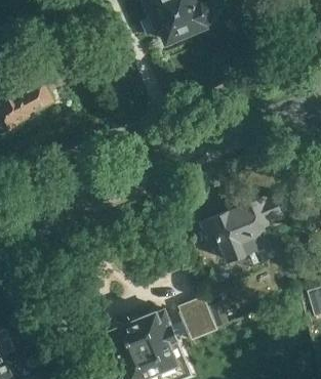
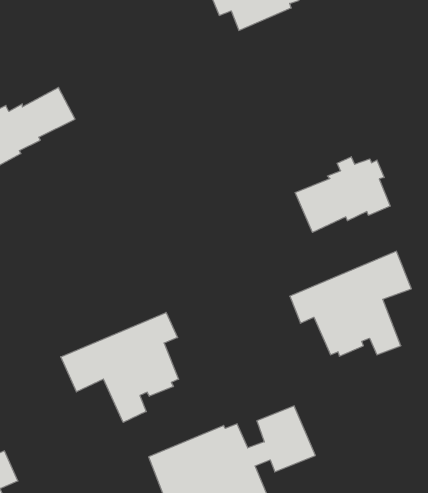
building: none -> [295,157,390,232]
building: none -> [61,312,179,422]

